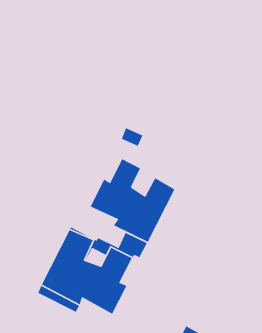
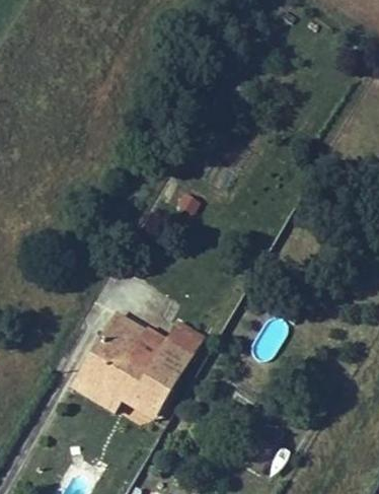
building: [90,158,175,243] -> none

